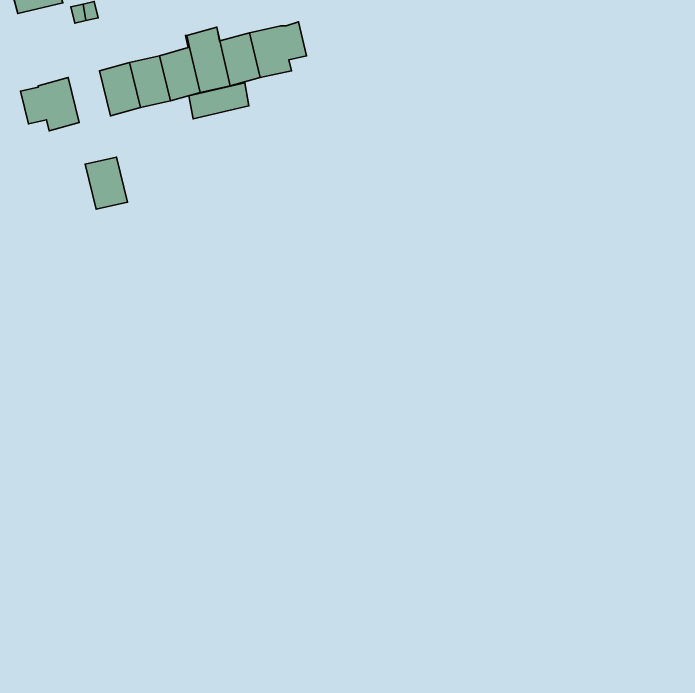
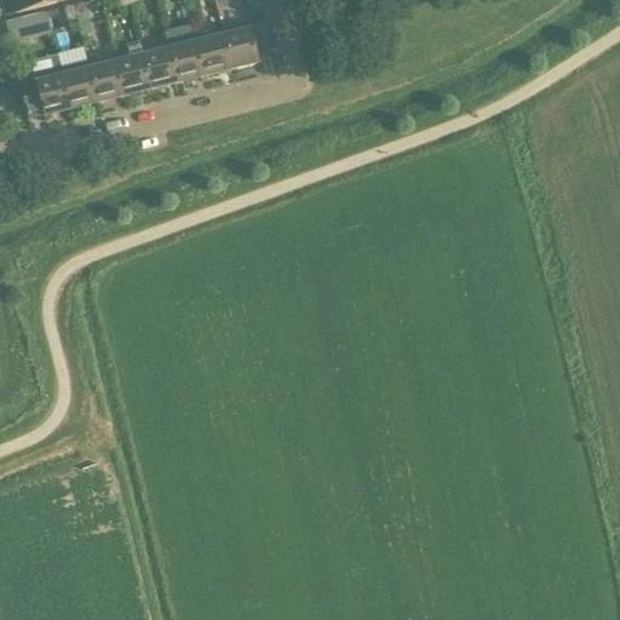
building: none -> [8,10,52,39]
building: [189,83,249,119] -> none
building: [85,157,128,209] -> [62,63,99,109]

